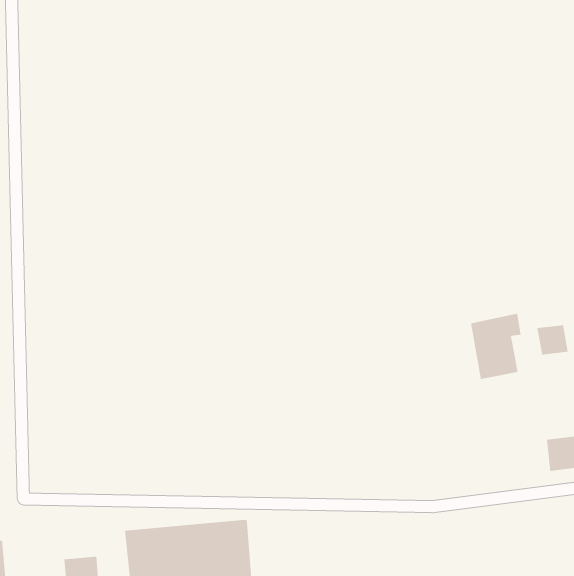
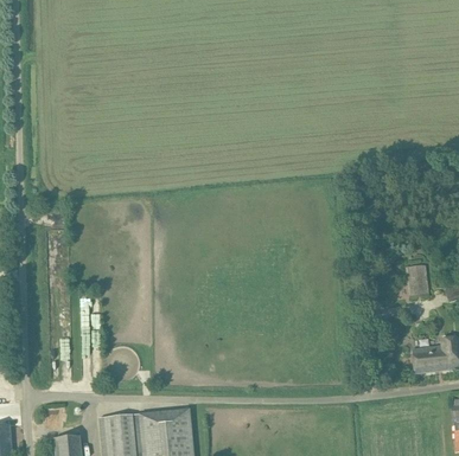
building: [471,313,521,380] -> none

